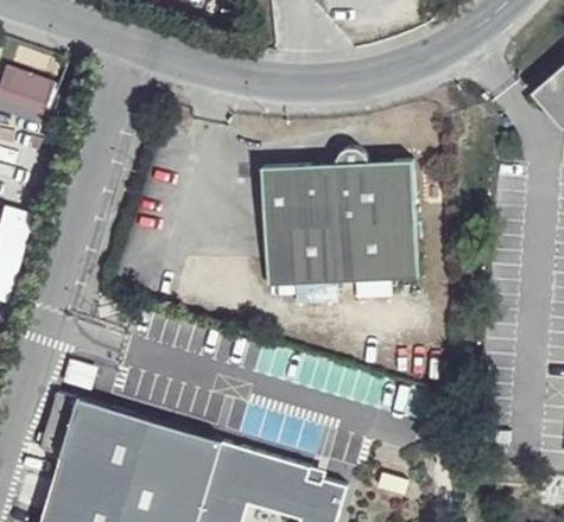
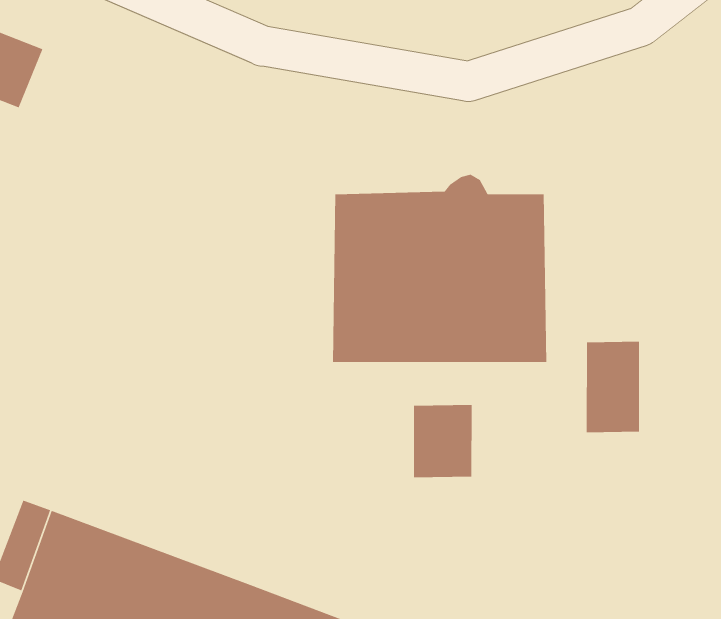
building: none -> [586,341,640,433]
building: none -> [413,404,472,478]

